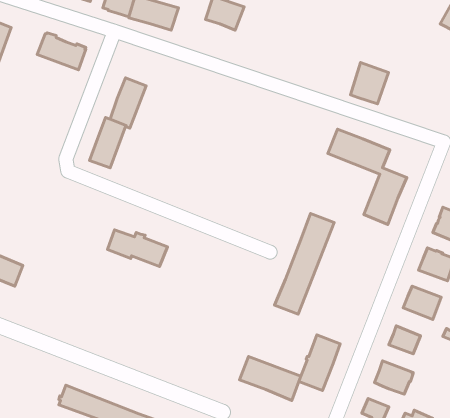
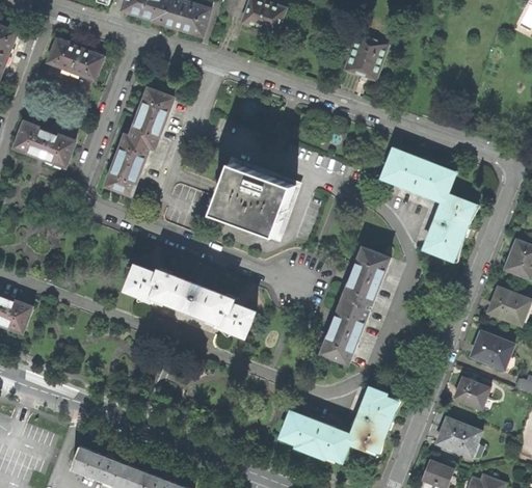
building: [351,63,388,104] -> [344,32,388,80]
building: none -> [15,124,74,166]
building: none -> [213,163,295,236]
building: none -> [188,286,255,334]

